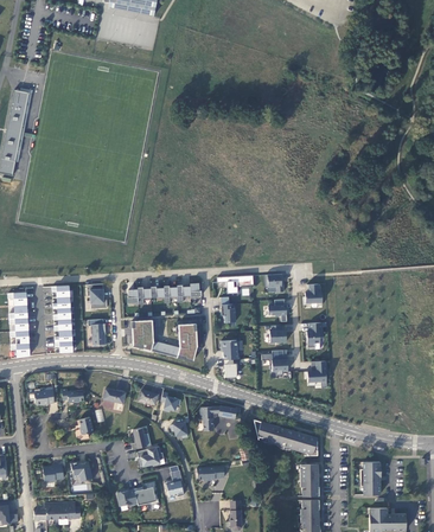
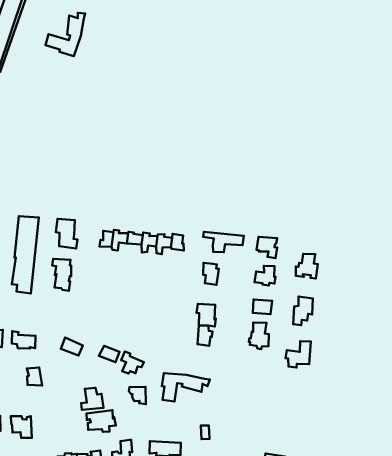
building: none -> [46,13,85,56]
building: [132,320,197,360] -> none
building: [255,419,318,455] -> none

